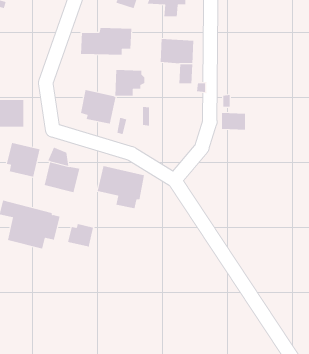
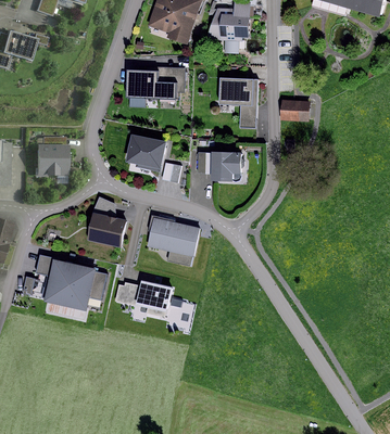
building: [115,70,145,96] -> [209,152,242,181]
building: [221,112,246,130] -> [284,101,311,120]
building: [6,142,40,178] -> none
building: none -> [140,282,175,312]

